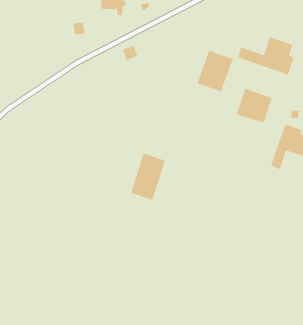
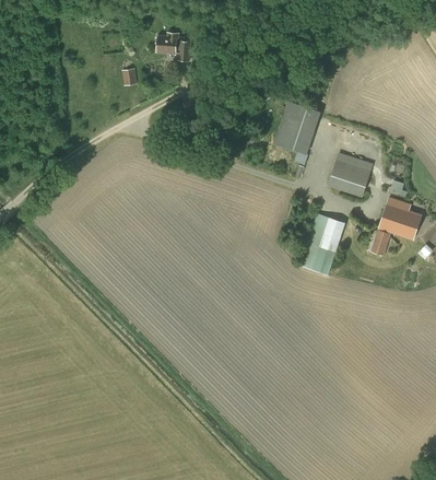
building: [237,36,295,75] -> none
building: [130,152,166,201] -> [299,212,344,273]

